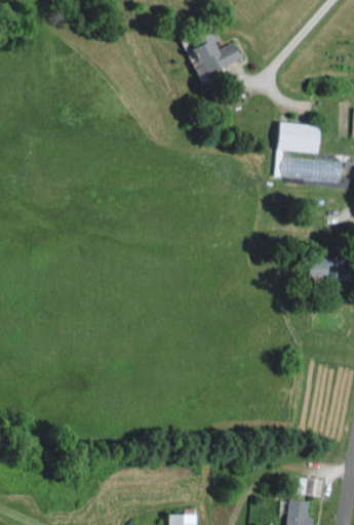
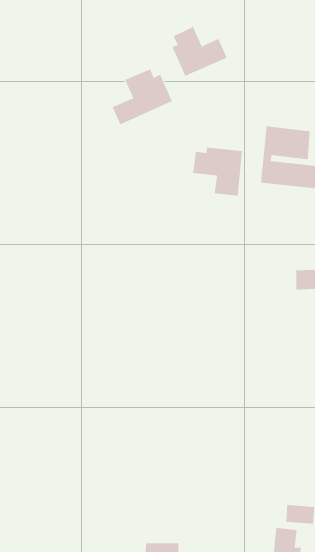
building: none -> [112,68,173,125]
building: none -> [192,147,243,196]

